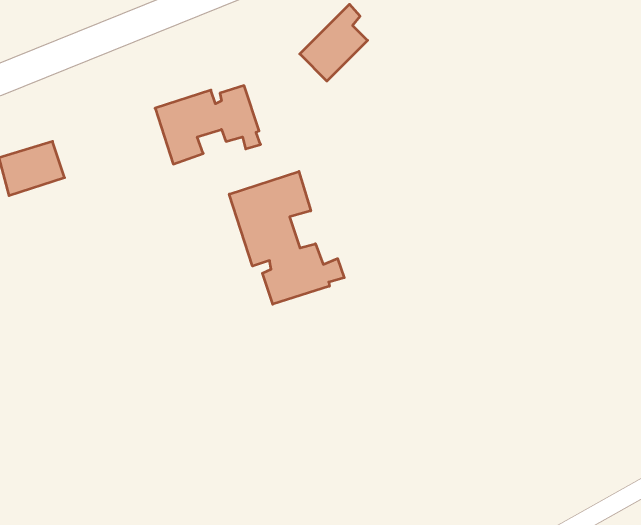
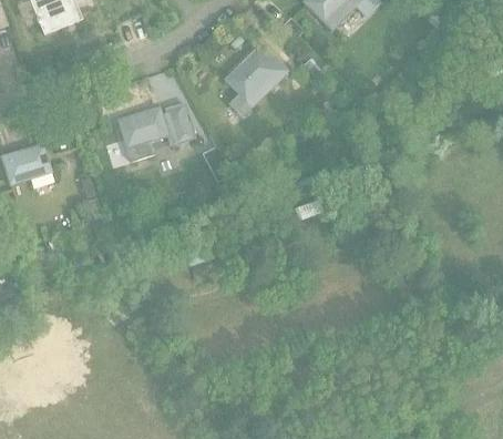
building: [229,171,344,304] -> none

